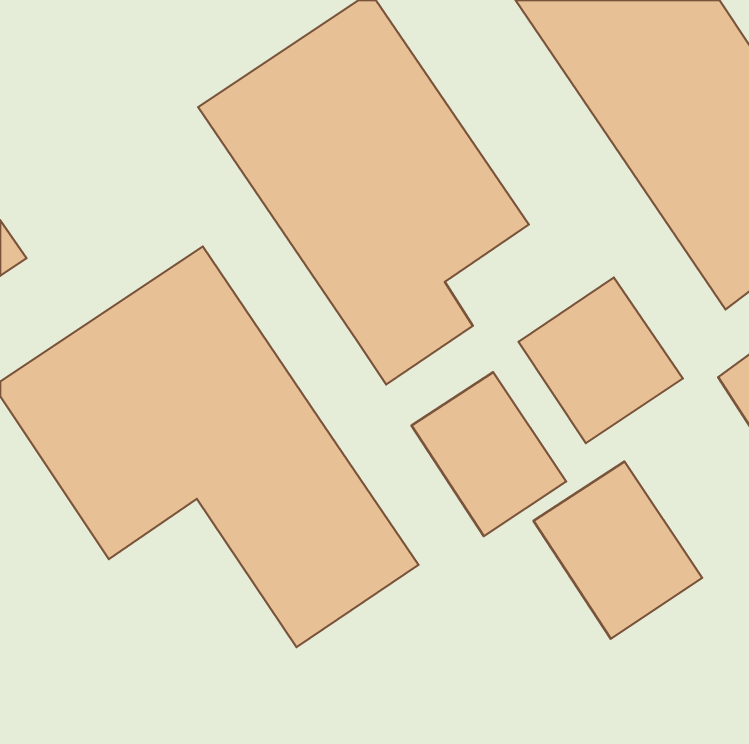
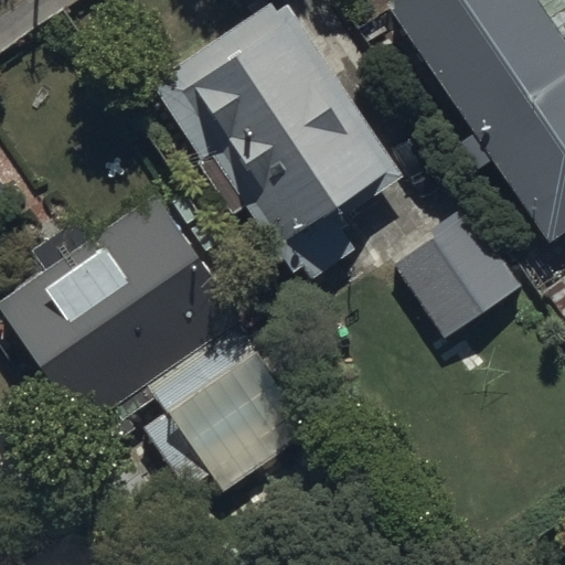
building: [411,372,566,536] -> none
building: [534,461,702,639] -> none

